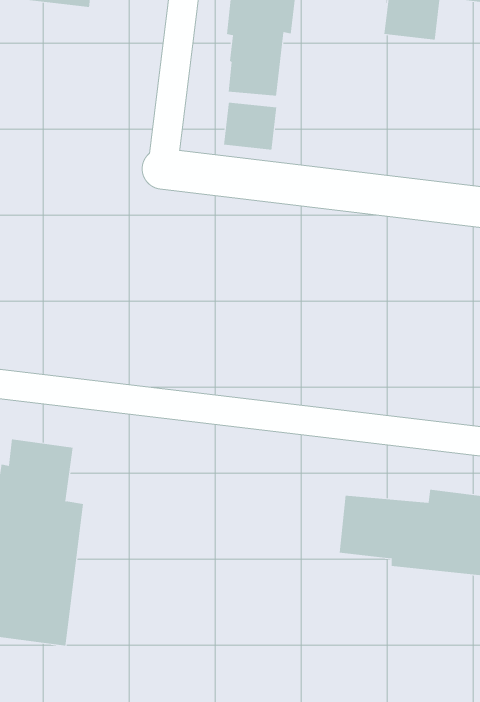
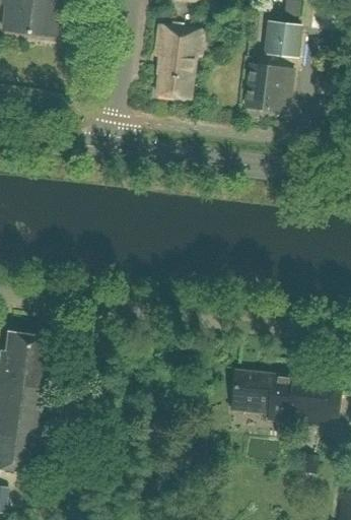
building: none -> [244,63,291,110]
building: [224,102,277,150] -> none

